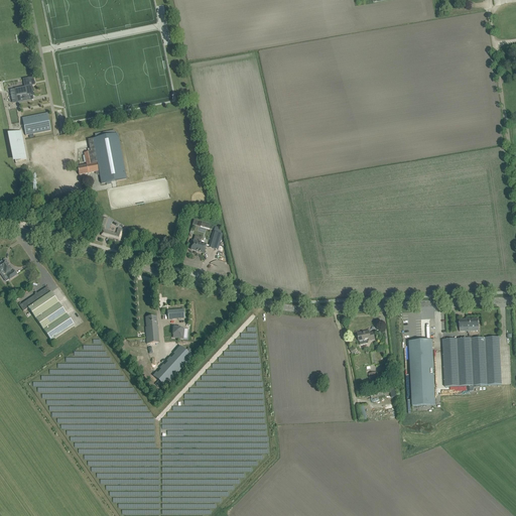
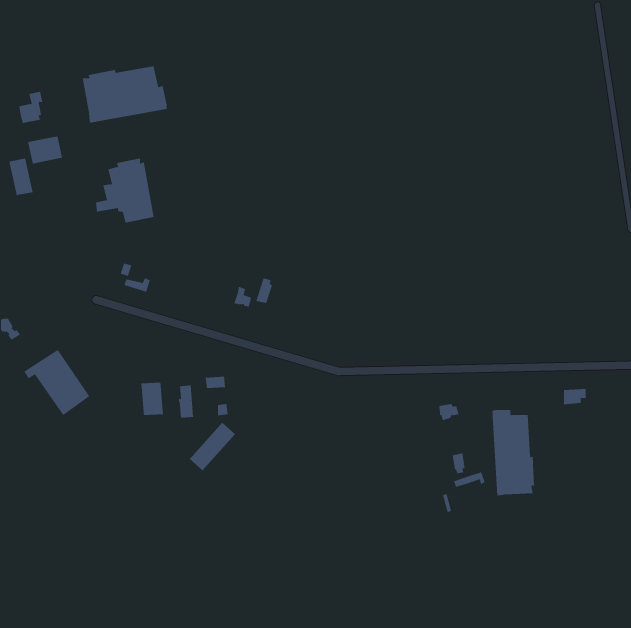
building: none -> [82,65,167,123]
building: none -> [141,382,163,416]
building: [442,336,502,390] -> none

